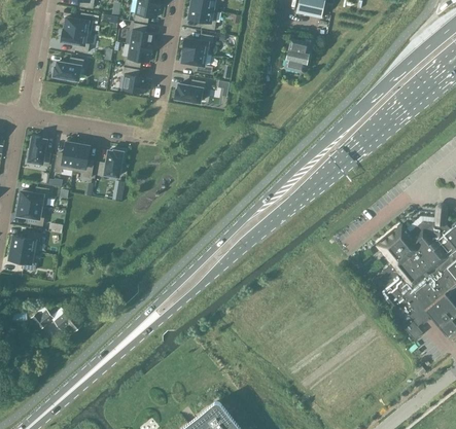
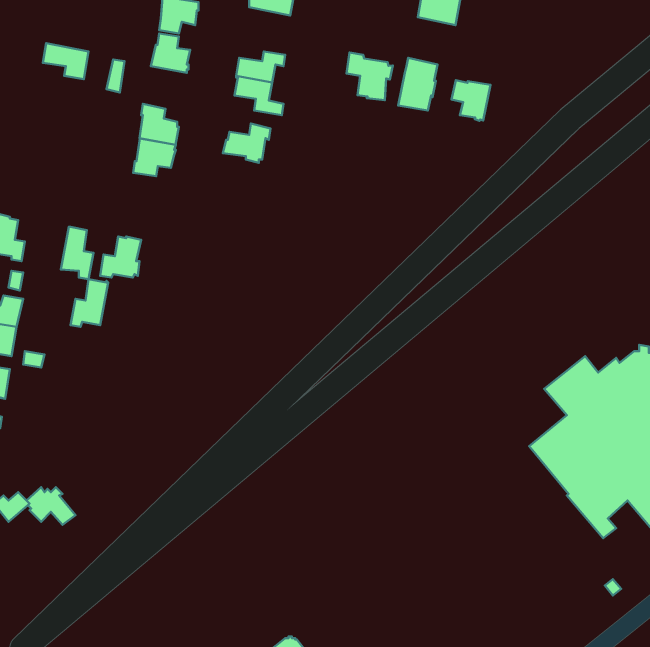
building: [189,7,217,31] -> none
building: [64,14,99,35] -> none
building: none -> [346,53,393,100]
building: [126,44,152,68] -> [133,138,176,176]
building: none -> [451,80,490,121]
building: [54,59,83,82] -> none
building: [55,143,78,173] -> [71,279,108,327]

